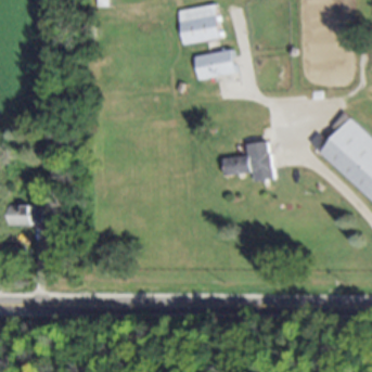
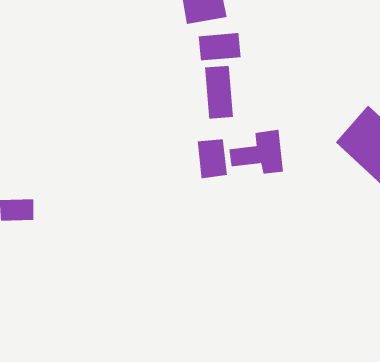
building: none -> [204,65,234,119]
building: none -> [197,139,227,179]

